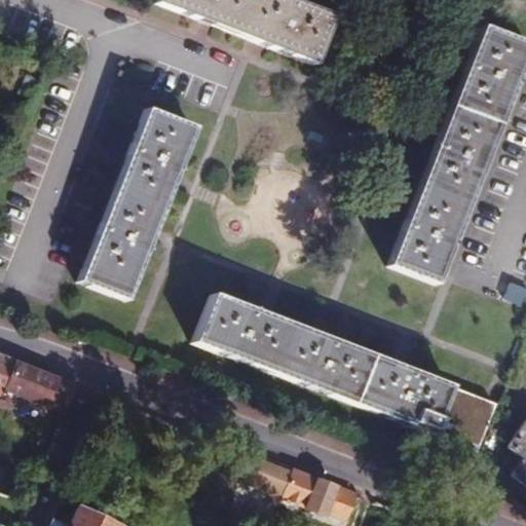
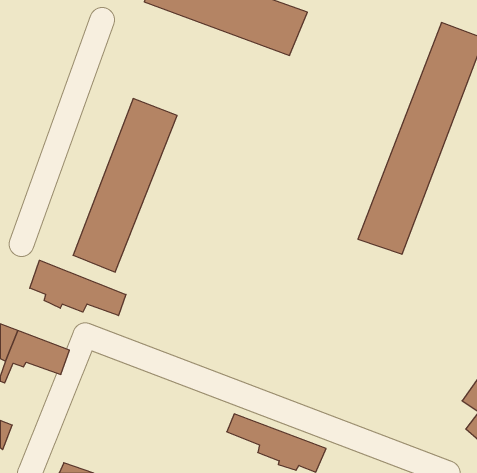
building: none -> [30,260,126,316]
building: [195,292,495,448] -> none

